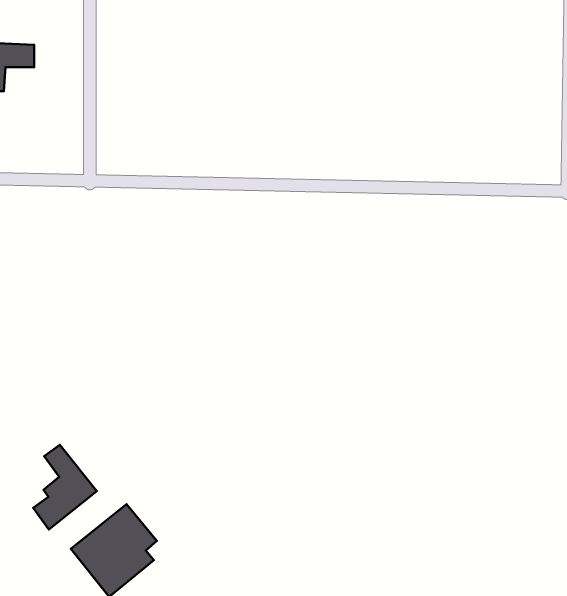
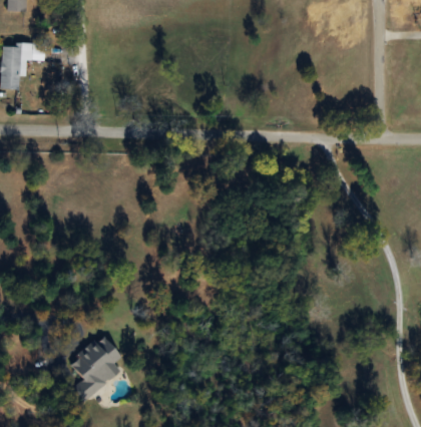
building: [33,445,97,530] -> none

